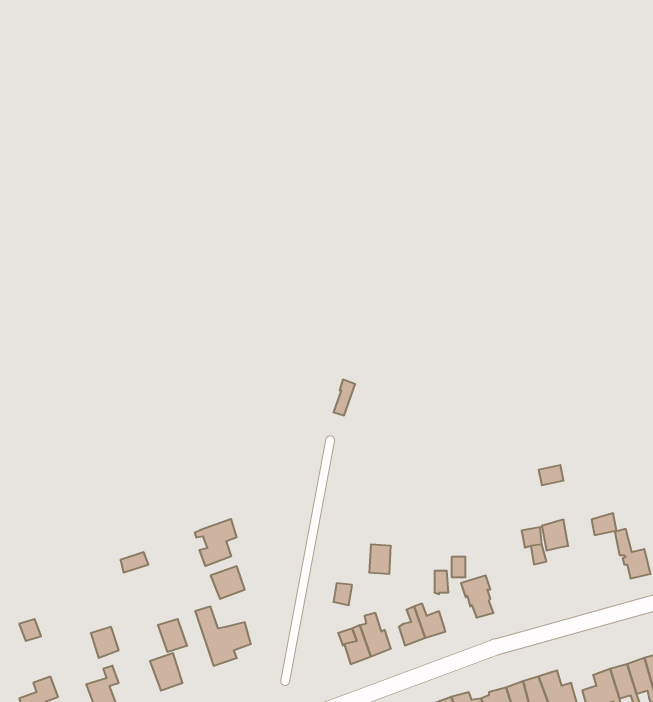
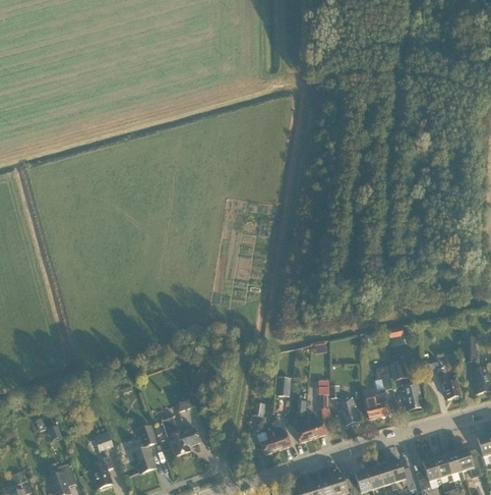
building: [195,519,237,566] -> none
building: none -> [401,379,421,410]
building: none -> [363,393,387,421]

